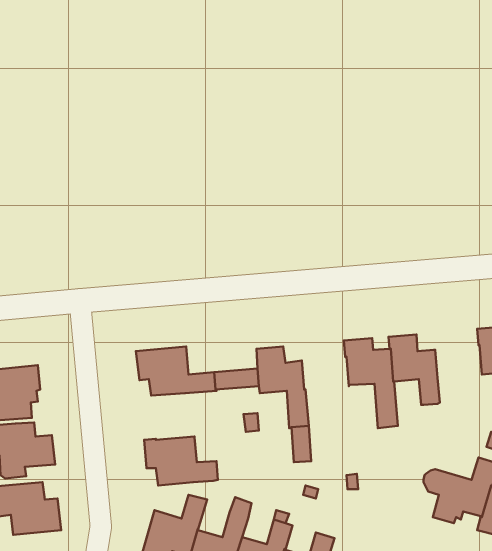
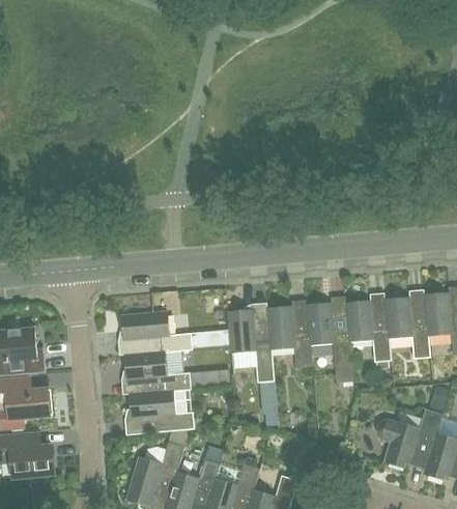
building: none -> [384,296,430,359]
building: none -> [267,306,313,368]
building: none -> [125,351,191,393]

